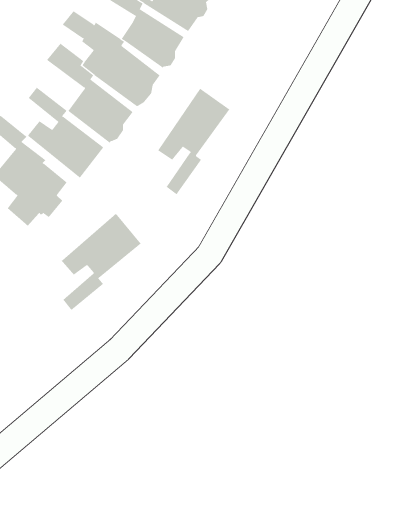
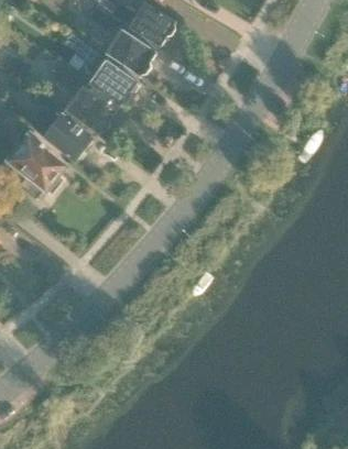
building: [157,88,230,195] -> none
building: [60,213,141,311] -> none

